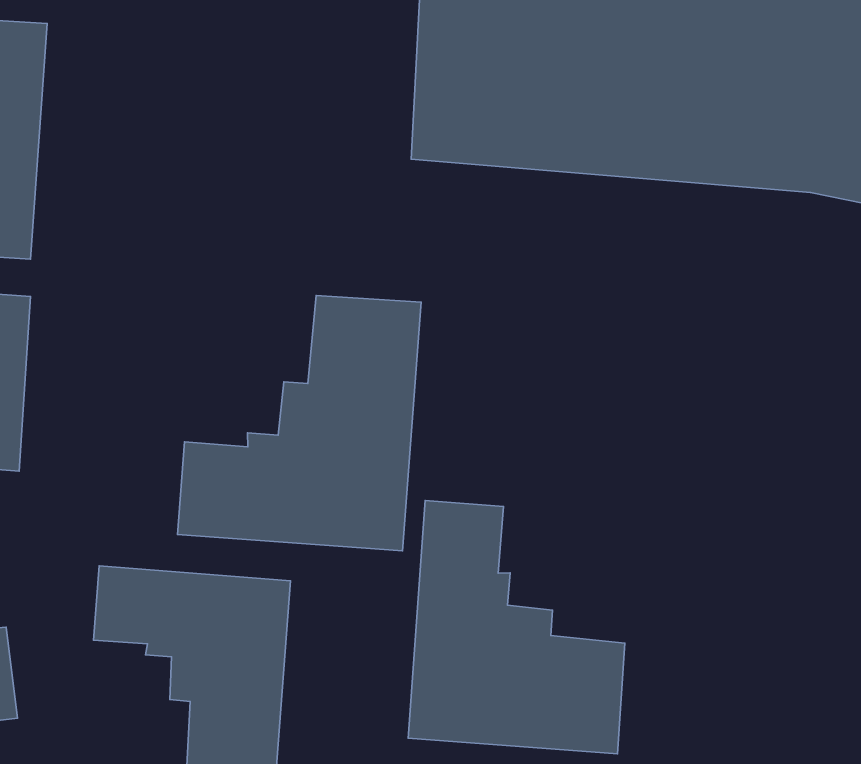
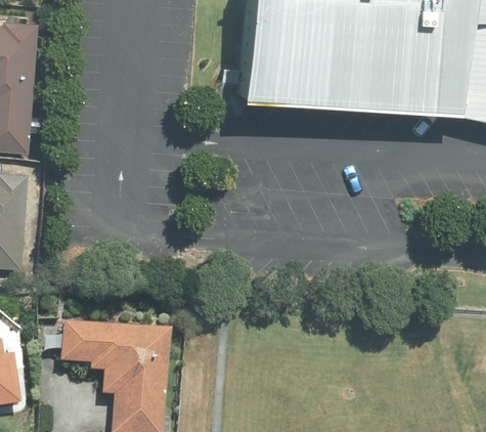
building: [178,295,421,551] -> none
building: [408,500,625,754] -> none

